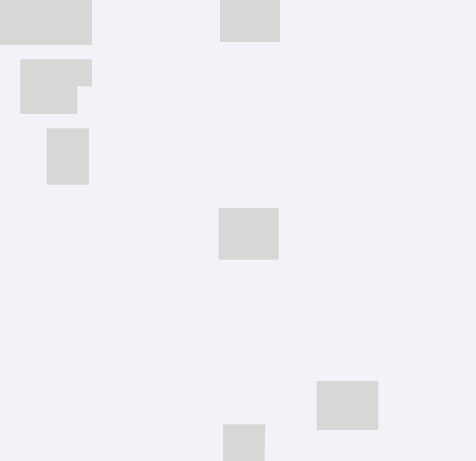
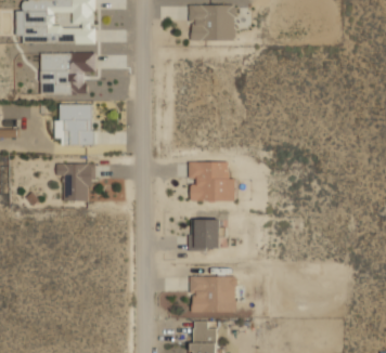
building: none -> [60,164,93,201]
building: none -> [194,219,221,250]
building: [316,380,379,431] -> [190,276,236,313]

